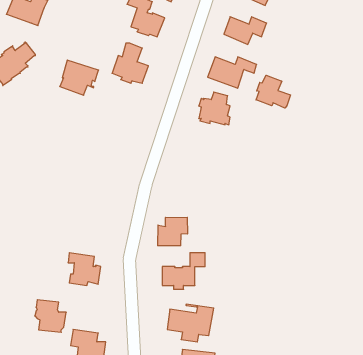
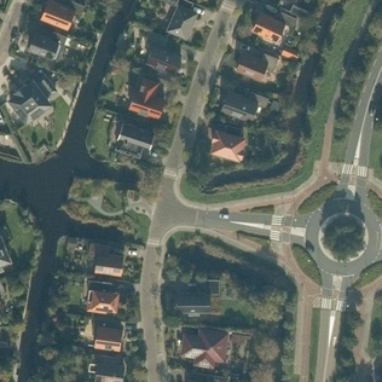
building: [60,60,99,95] -> [115,123,152,157]
building: [256,75,290,108] -> none
building: none -> [87,244,122,276]
building: [158,217,187,246] -> none
building: [35,300,66,332] -> [91,318,121,349]

